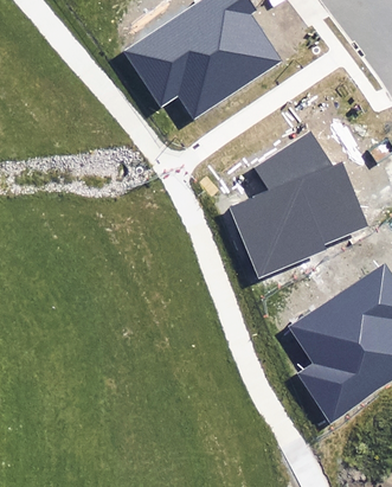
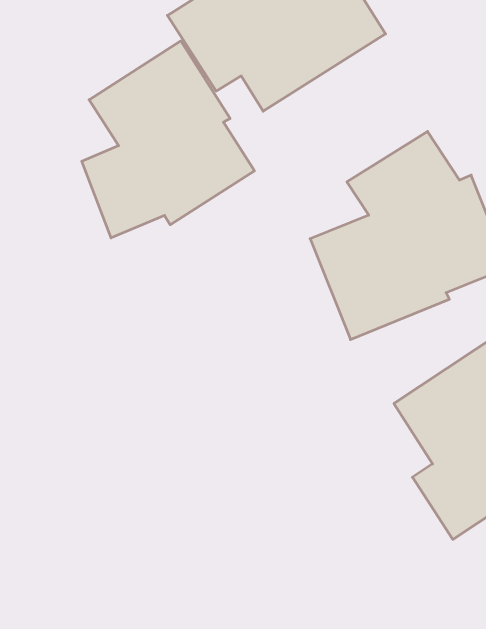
building: none -> [82,41,254,238]

